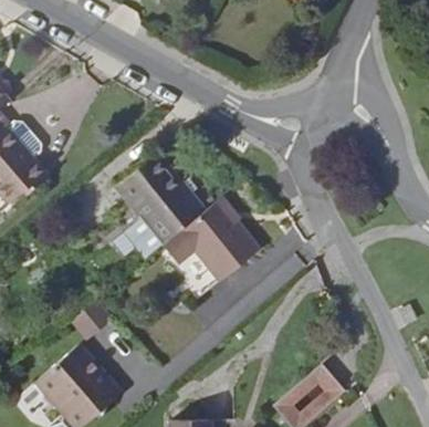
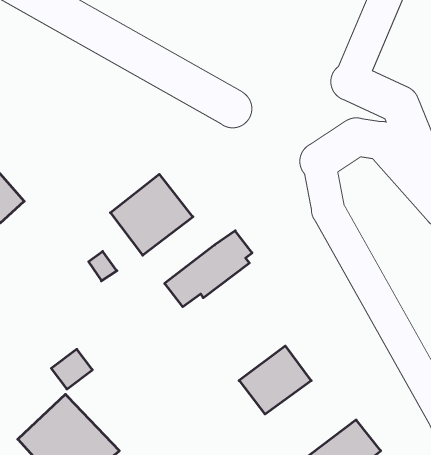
building: [148,190,210,248] -> none
building: [200,230,262,289] -> [239,346,311,414]

